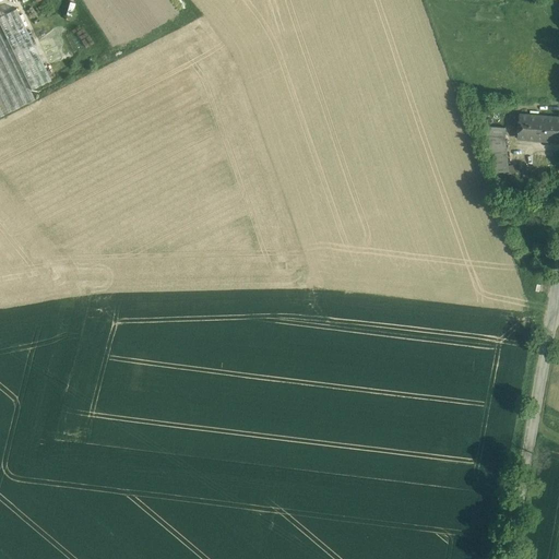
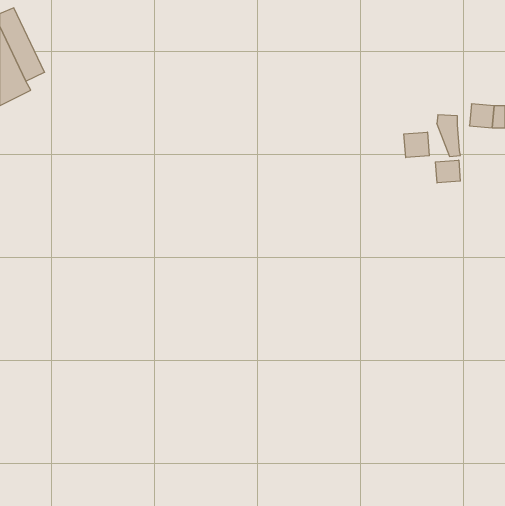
building: none -> [404,132,429,158]
building: none -> [435,160,460,183]

